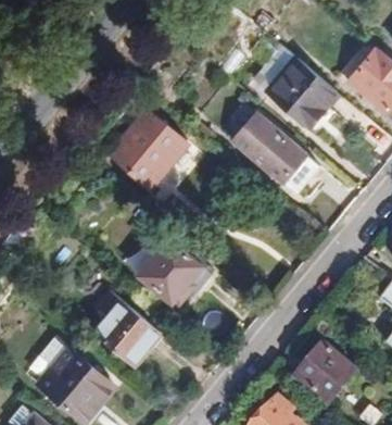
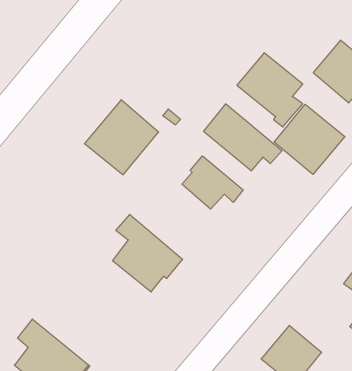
building: none -> [274,104,345,174]
building: none -> [182,156,243,209]
building: [92,289,160,365] -> none

